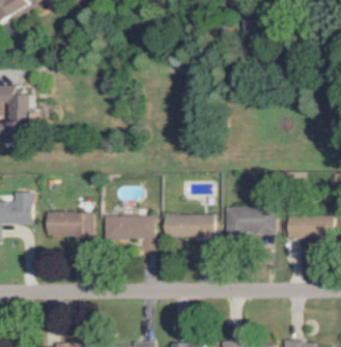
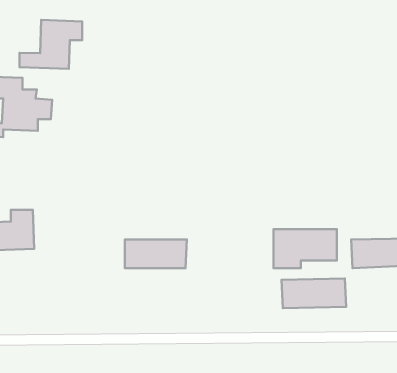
building: none -> [20,20,82,69]
building: [46,211,92,236] -> none
building: [163,213,215,237] -> [281,278,346,308]

